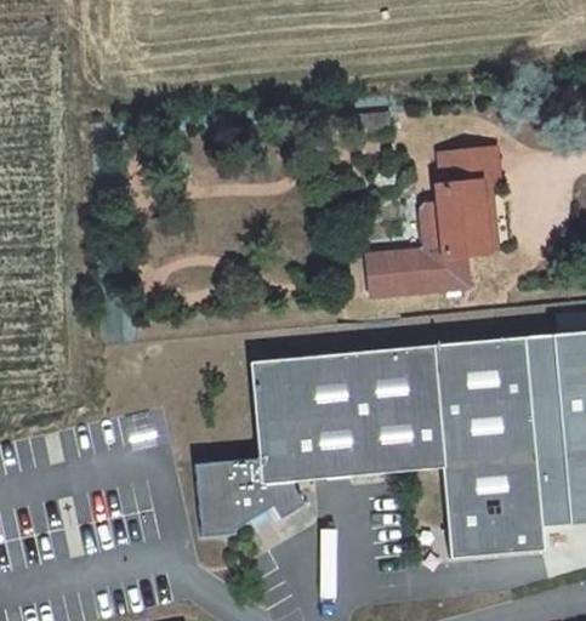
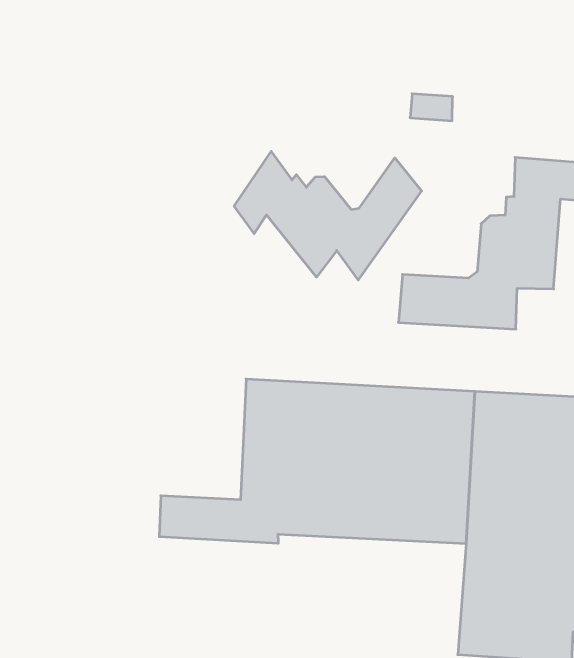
building: none -> [234,151,422,280]
building: [199,489,305,536] -> none

